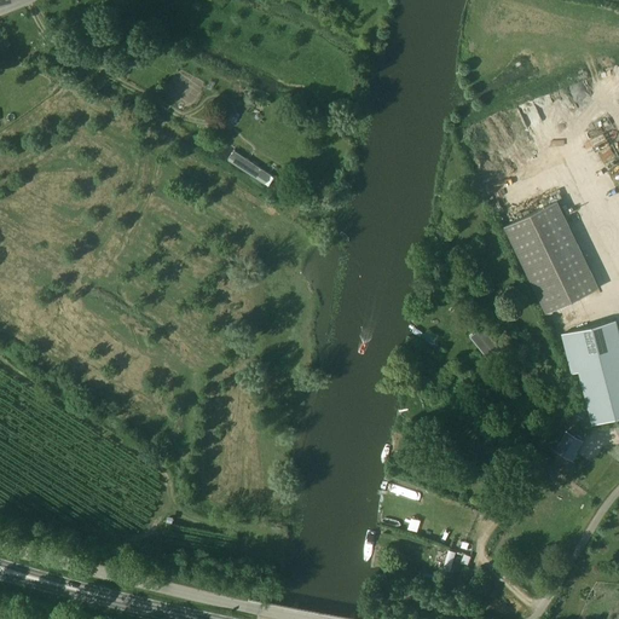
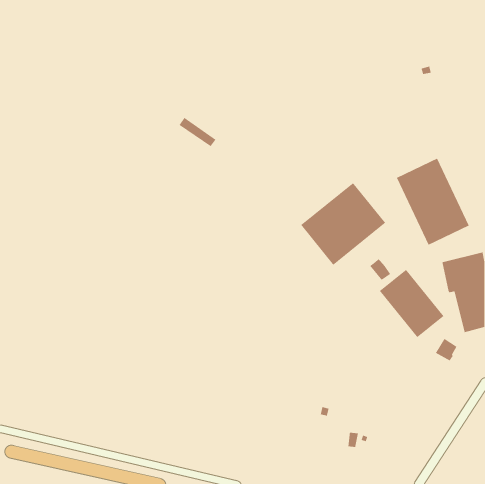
building: none -> [300,182,386,266]
building: none -> [379,269,445,338]

